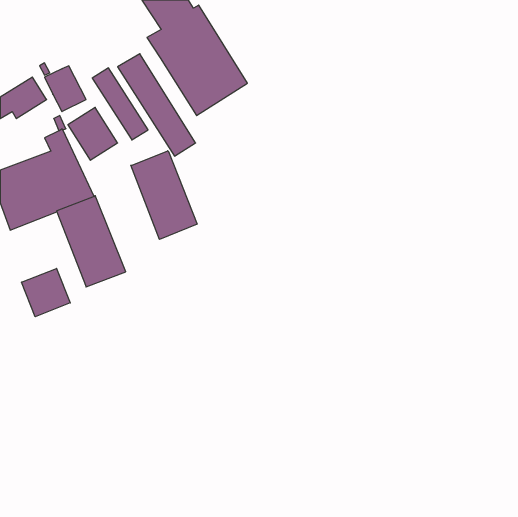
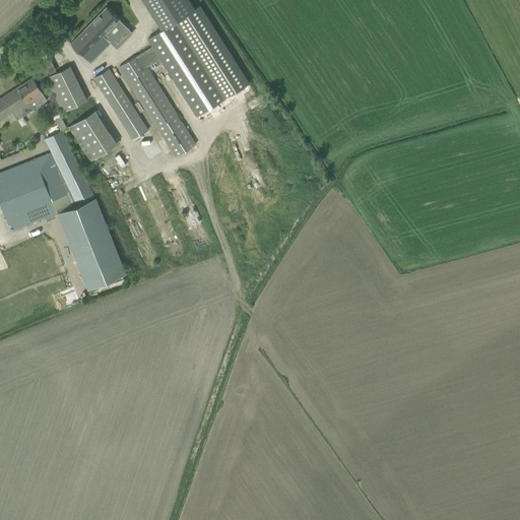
building: none -> [70,7,126,63]
building: [131,151,197,239] -> none
building: [22,268,70,317] -> none

